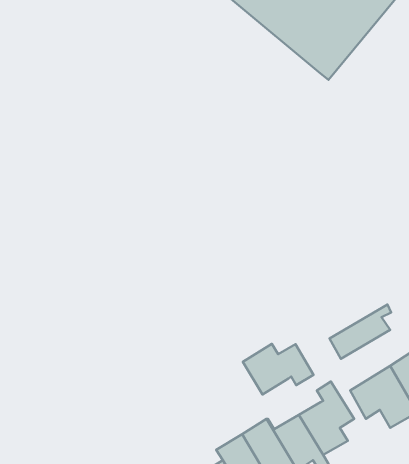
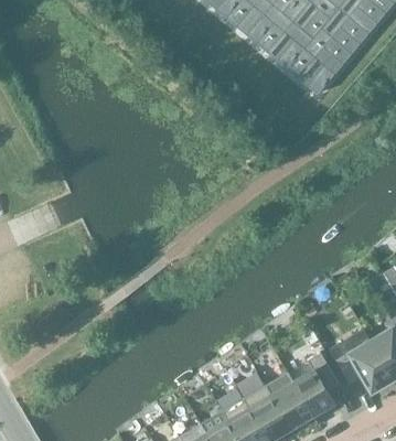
building: [330,304,391,359] -> none
building: [243,344,314,394] -> none

